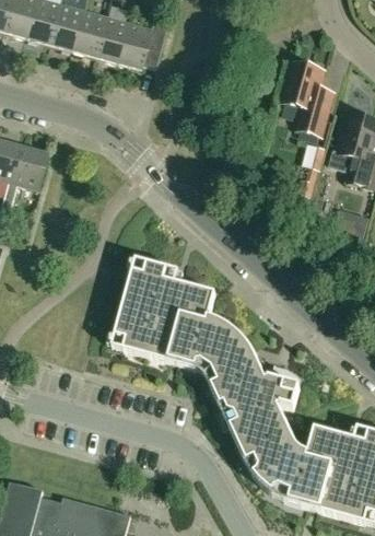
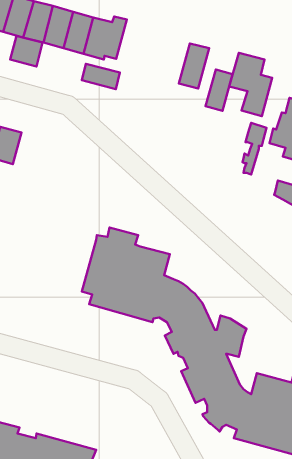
building: none -> [10,36,43,66]
building: none -> [179,43,209,88]
building: none -> [82,64,120,89]
building: none -> [206,70,233,111]

